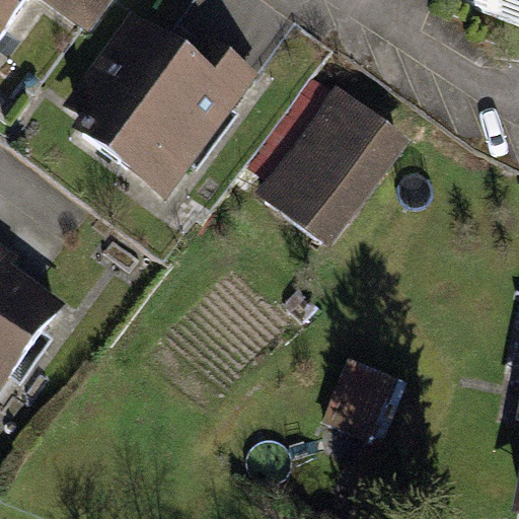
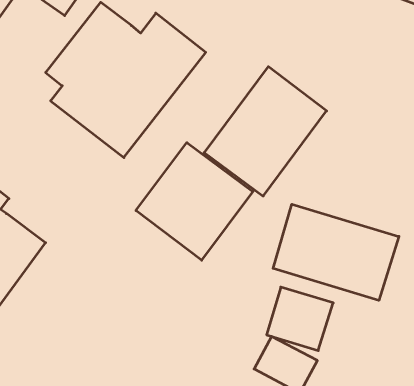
building: none -> [136,143,253,260]
building: none -> [273,204,399,300]

